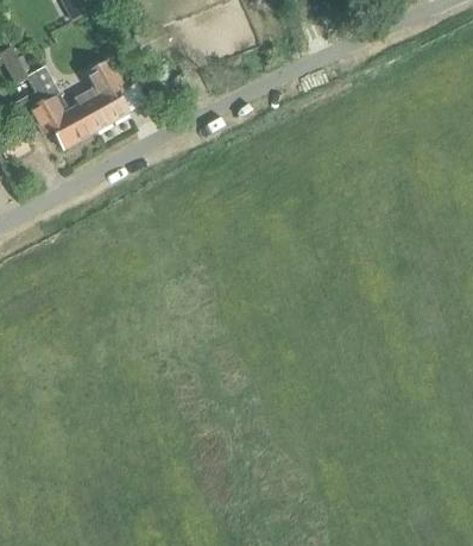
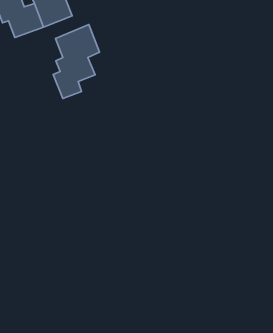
building: none -> [53,25,99,98]

